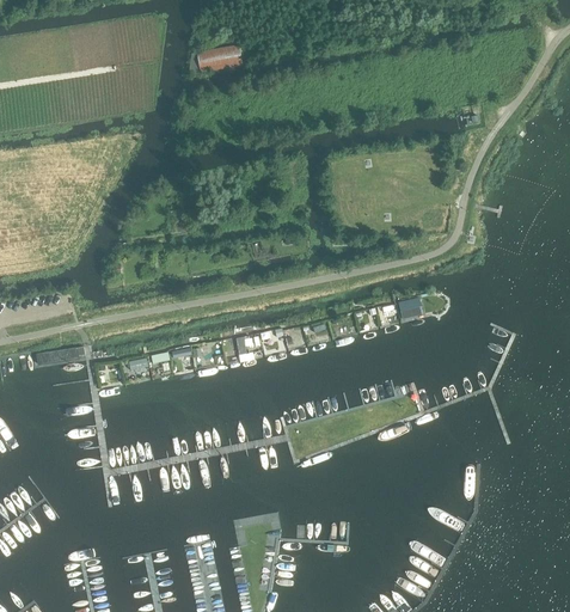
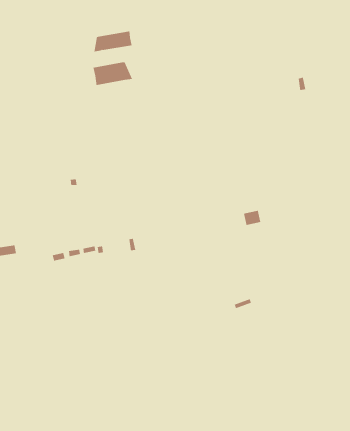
building: none -> [93,62,133,86]

